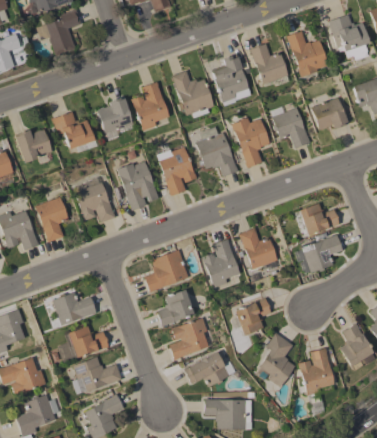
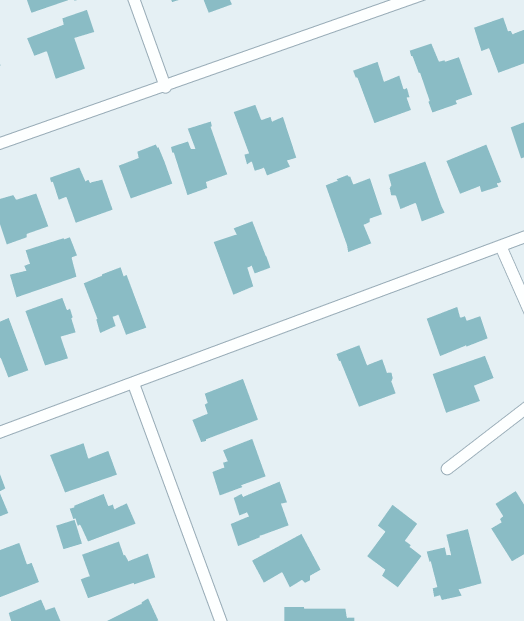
building: [211,53,251,102] -> none
building: [195,128,238,176] -> none
building: none -> [9,236,78,298]
building: [117,161,159,210] -> none
building: [201,239,240,288] -> none
building: [233,297,270,335] -> none

